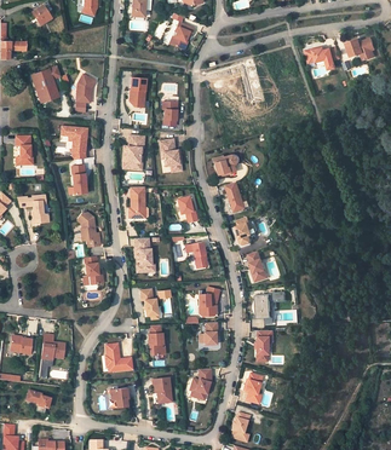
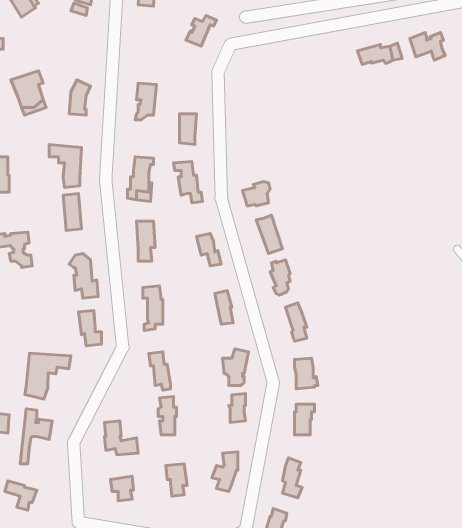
building: none -> [25,353,71,399]

